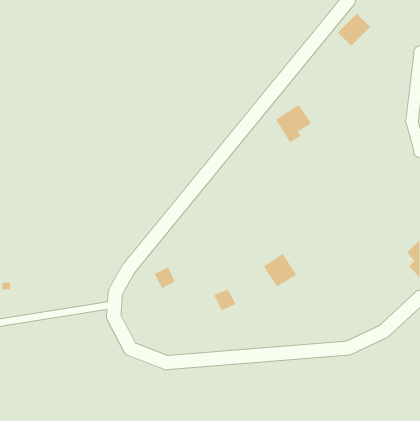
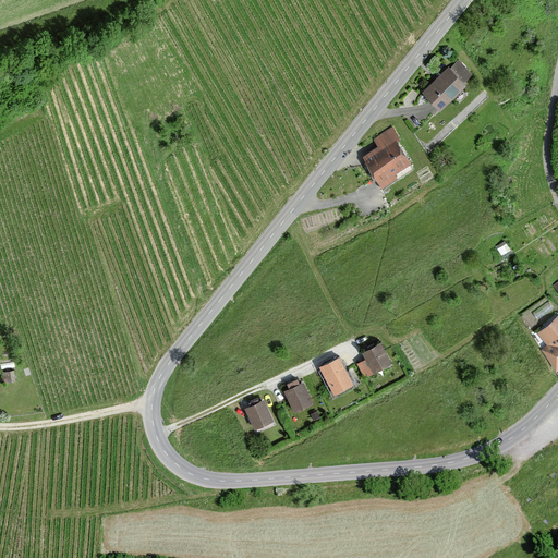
building: [337,13,371,46] -> [422,66,466,111]
building: [154,266,176,289] -> [243,399,272,429]
building: none -> [319,356,354,396]

